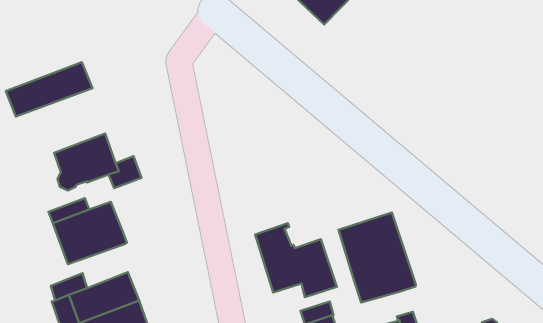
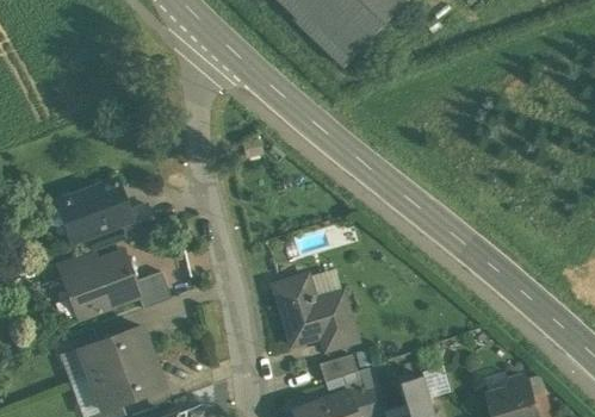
building: [6,62,93,117] -> none
building: [338,212,416,303] -> none
building: none -> [135,269,172,307]

